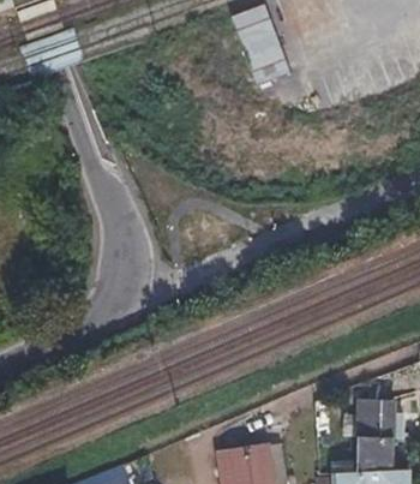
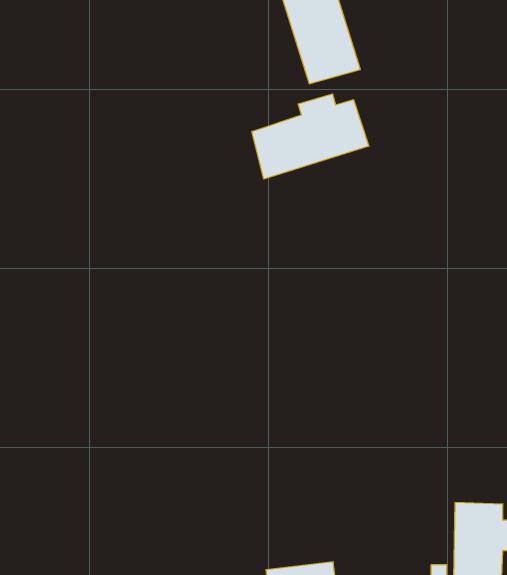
building: none -> [252,94,369,179]

